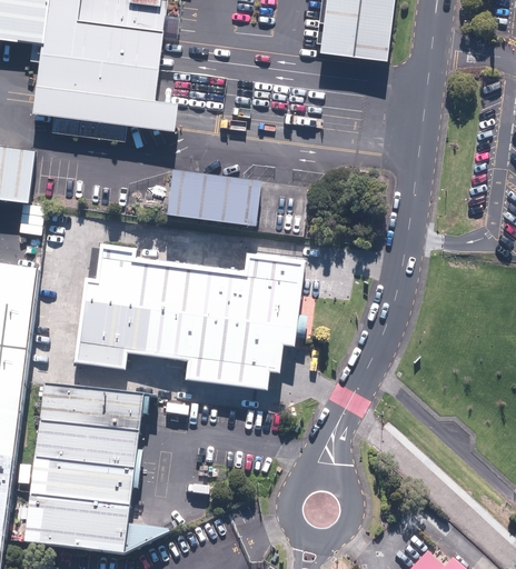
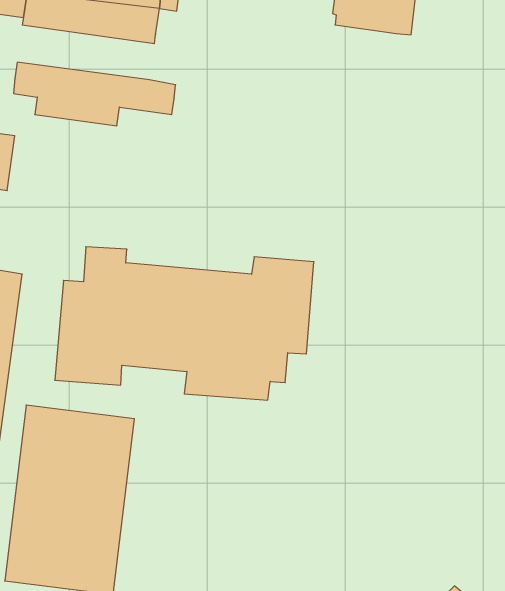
building: [36,51,158,100] -> none
building: [171,171,259,222] -> none

